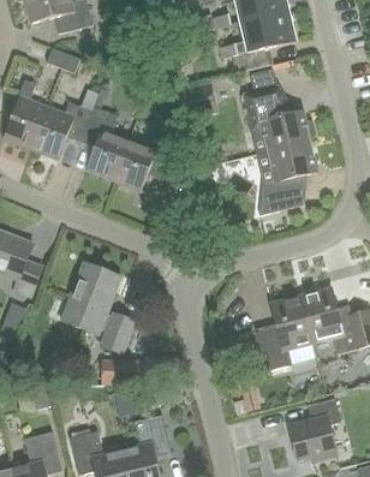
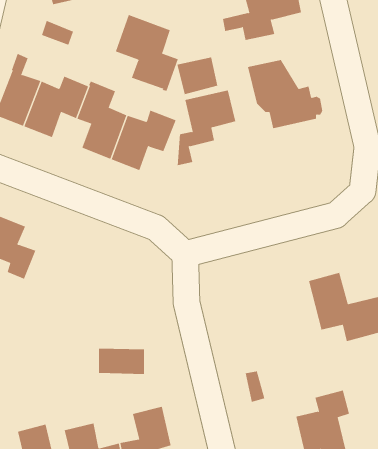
building: none -> [115,14,178,92]
building: [259,142,316,214] -> [177,90,236,166]
building: [60,262,135,353] -> none
building: [262,296,312,369] -> none

